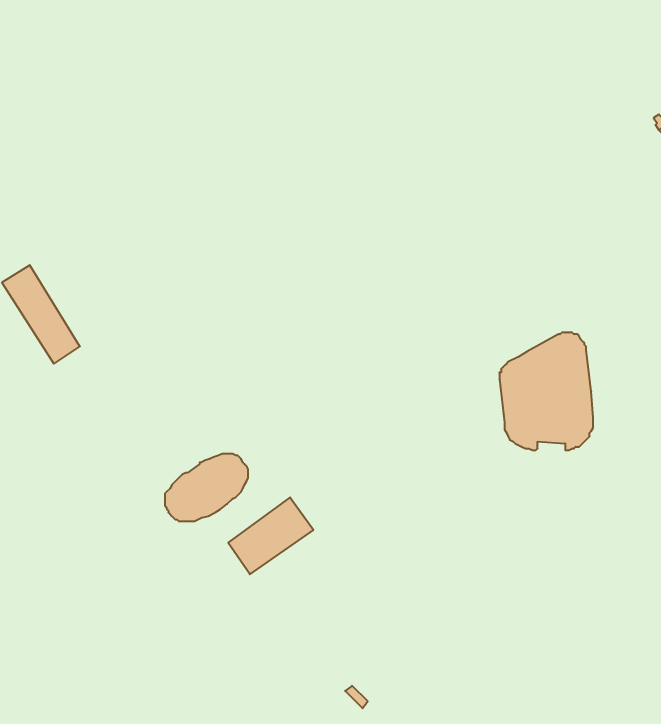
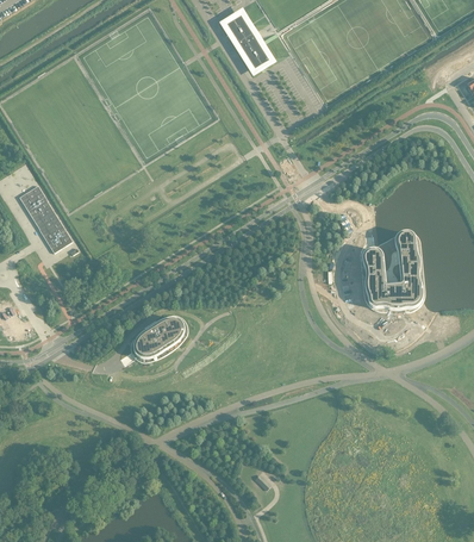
building: none -> [225,13,270,69]
building: [228,497,313,574] -> none

